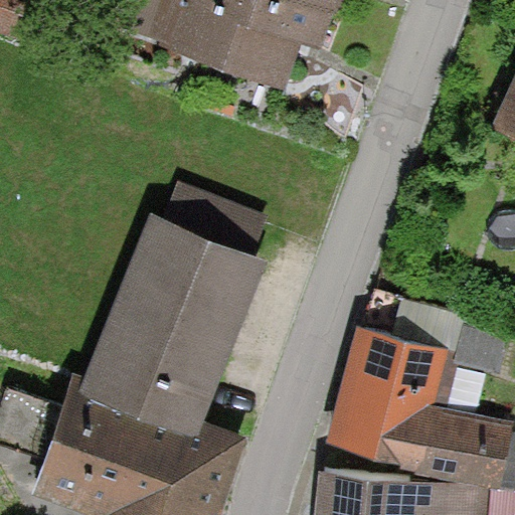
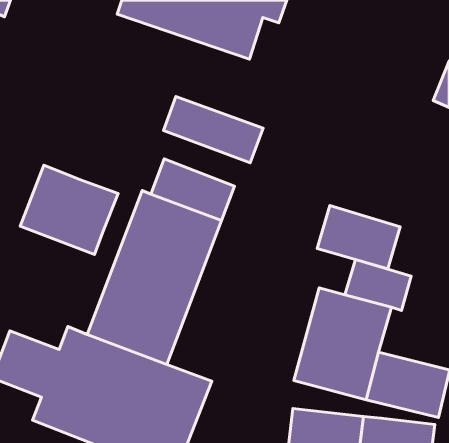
building: none -> [164,96,263,163]
building: none -> [20,165,118,254]
building: none -> [317,206,400,269]

